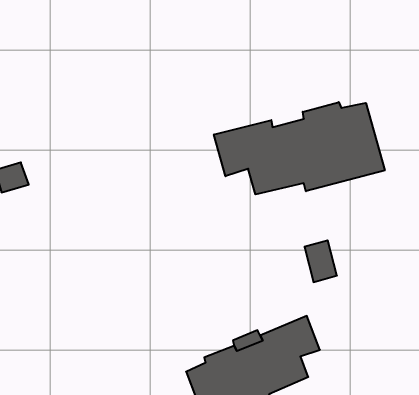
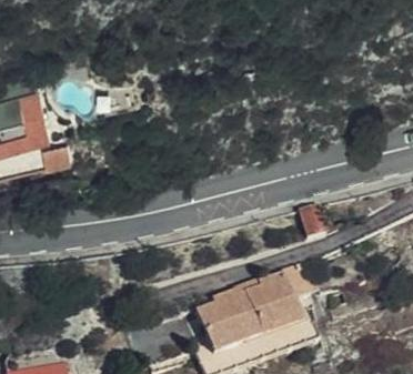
building: [214,102,385,194] -> none

